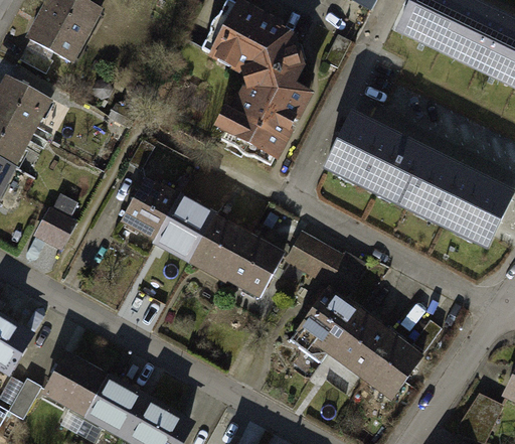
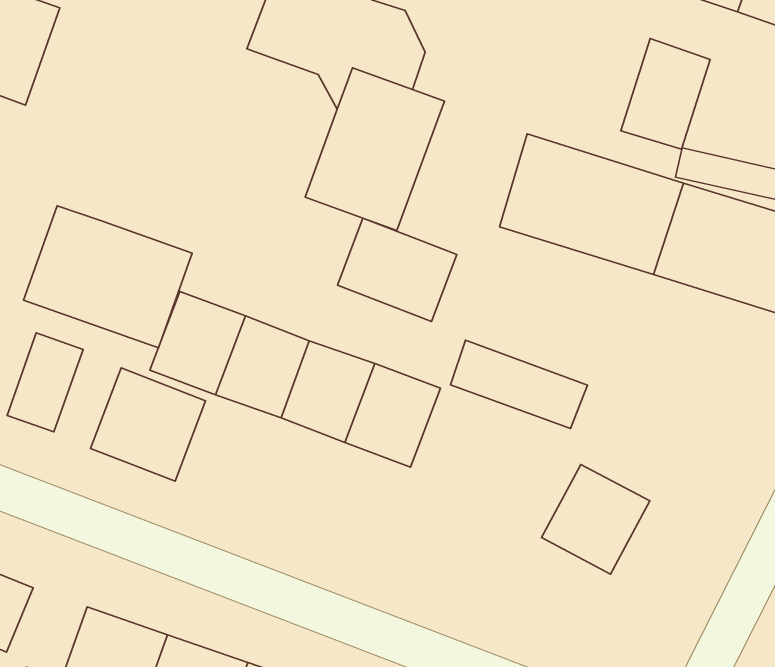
building: none -> [621,39,710,149]
building: none -> [23,206,192,348]
building: none -> [338,218,457,321]
building: none -> [91,368,206,481]
building: [289,289,356,361] -> none
building: [363,336,420,396] -> none

